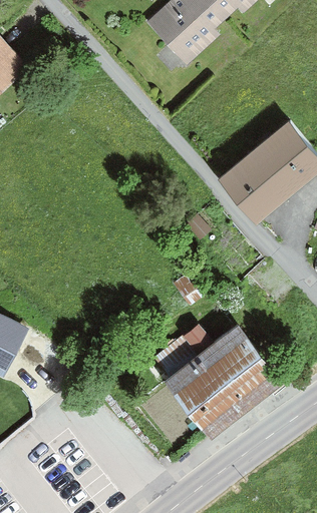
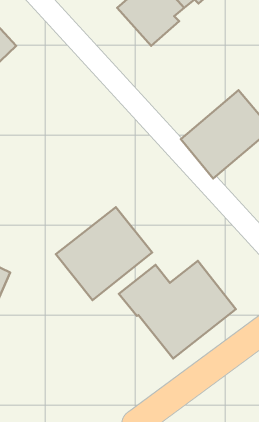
building: none -> [56,207,152,300]

